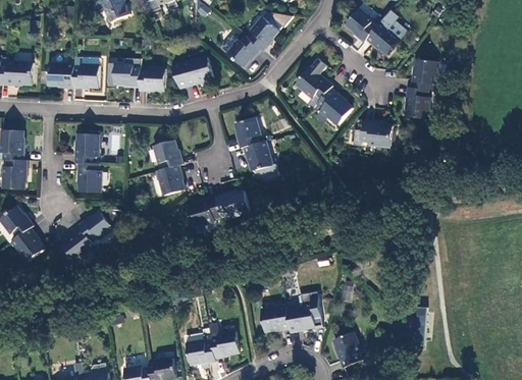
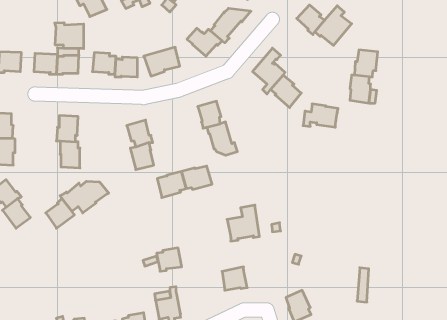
building: none -> [55,23,84,49]
building: [285,291,322,332] -> [227,205,259,241]
building: [210,331,239,358] -> [157,248,182,271]

